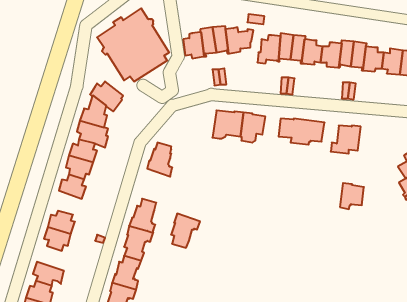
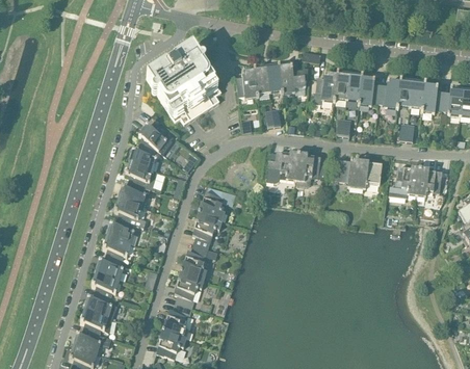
building: [340,183,364,209] -> [417,168,442,195]
building: none -> [103,235,131,260]
building: [171,214,200,248] -> [192,212,223,247]
building: none -> [84,292,119,318]

